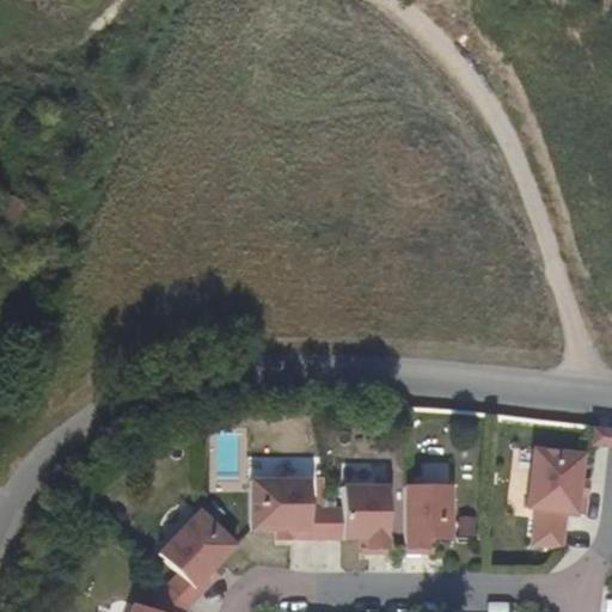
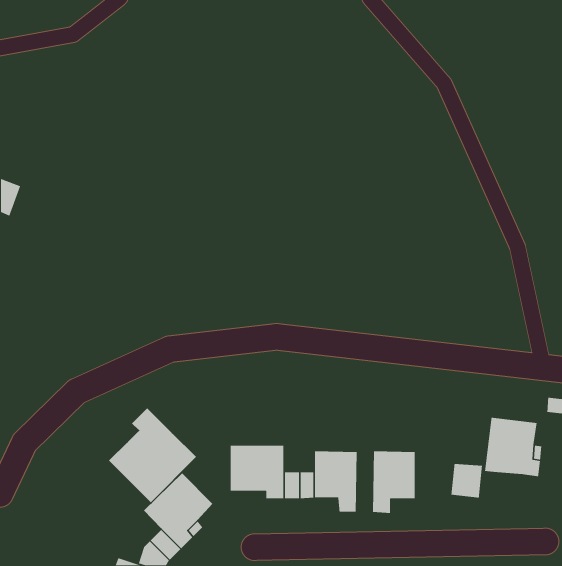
building: none -> [108,407,197,503]
building: [533,508,568,546] -> [450,463,483,499]

